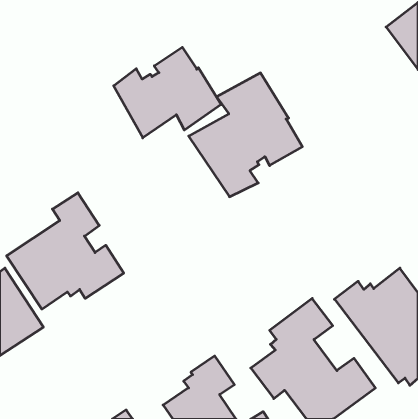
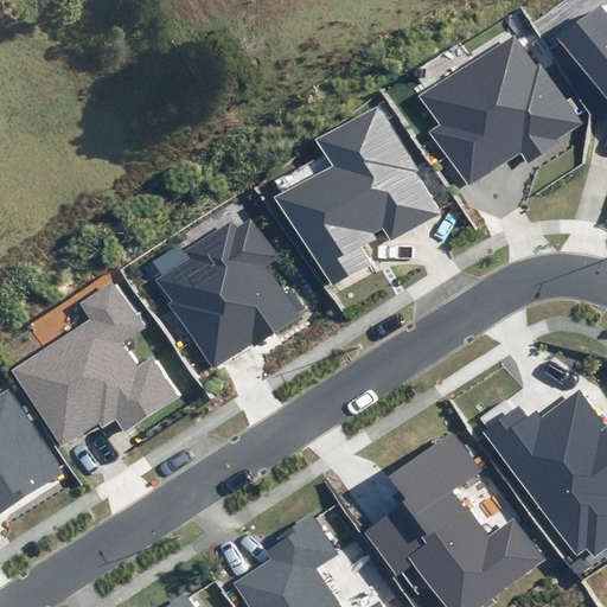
building: none -> [418,33,580,190]
building: [114,47,221,138] -> none
building: none -> [154,217,296,370]

